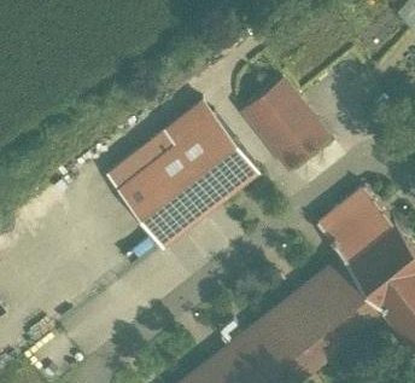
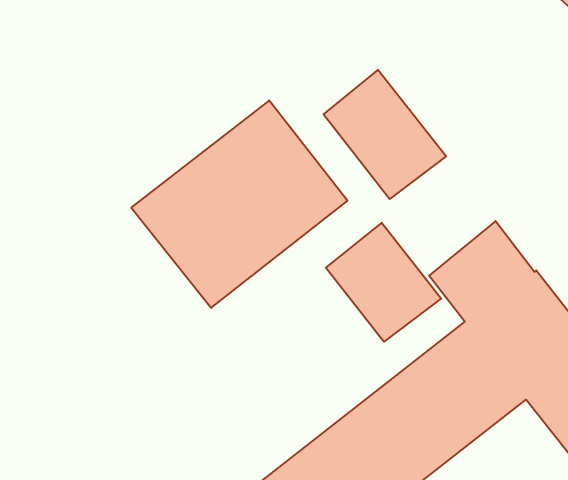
building: none -> [326,223,441,342]

